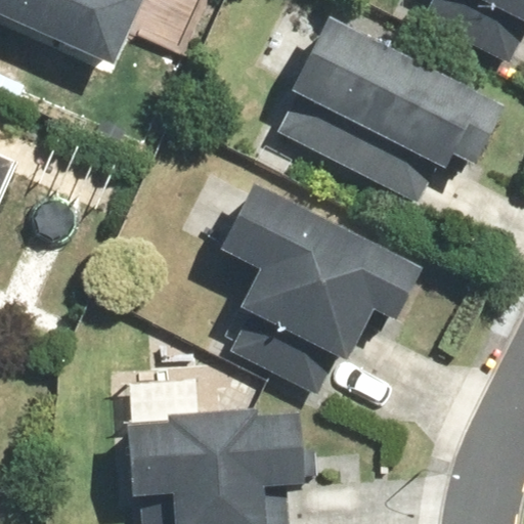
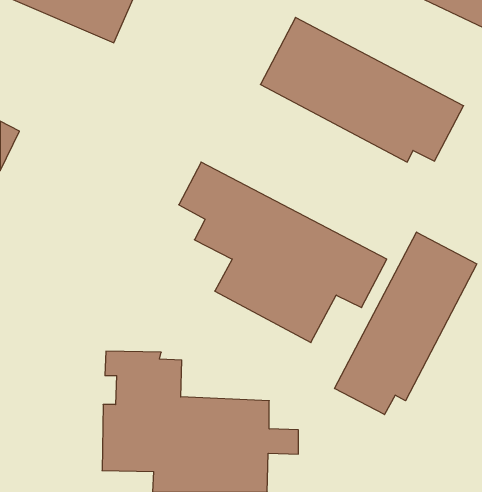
building: none -> [335,232,477,415]

